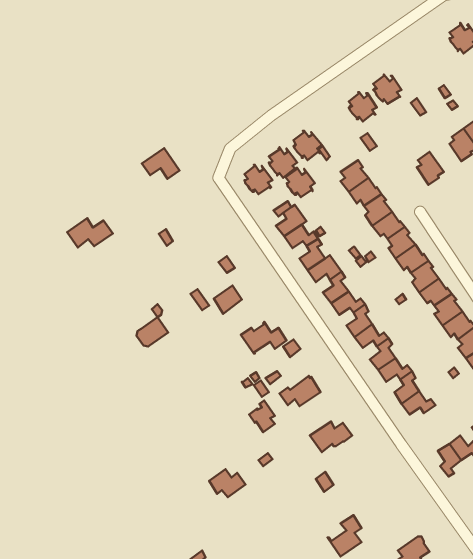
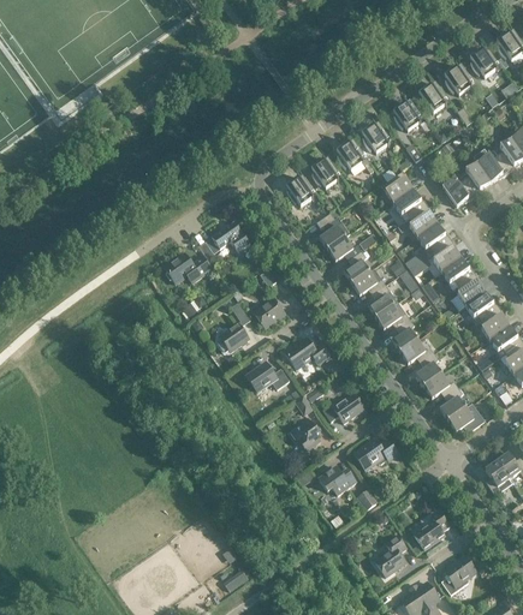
building: none -> [468,46,498,76]
building: none -> [442,64,471,94]
building: none -> [471,147,507,181]
building: [142,148,179,179] -> [210,220,249,251]
building: none -> [441,177,474,205]
building: [286,168,315,197] -> [359,121,390,151]
building: [67,218,113,247] -> [164,252,210,282]
building: [136,317,168,347] -> [215,322,248,352]
building: none -> [245,360,289,389]
building: [209,469,245,497] -> [317,465,355,494]
building: none -> [412,507,447,548]

